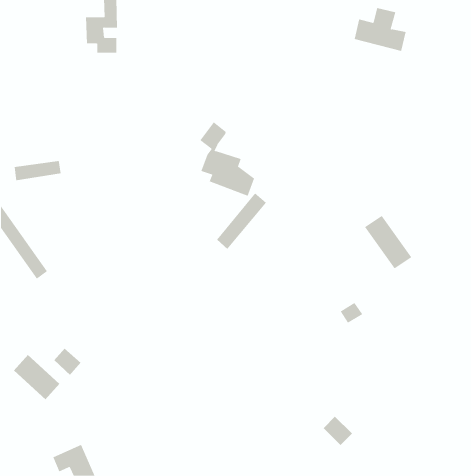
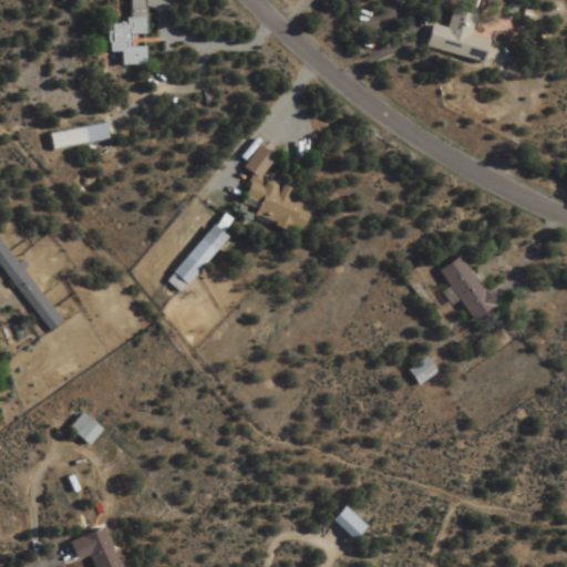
building: [14,160,61,181] -> [52,123,109,147]
building: [216,193,267,250] -> [168,224,228,291]
building: [13,354,60,400] -> none
building: [323,416,353,446] -> [332,505,368,540]

